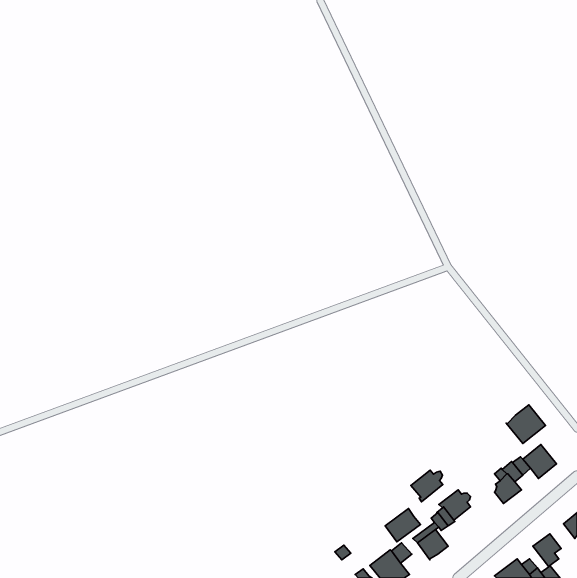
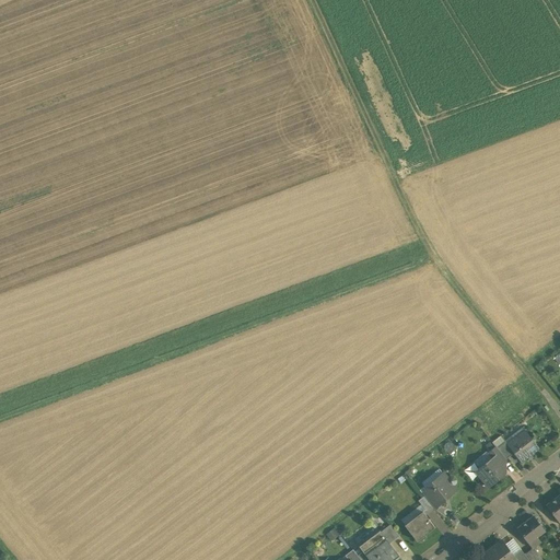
building: [506,405,546,444] -> none
building: [411,470,443,502] -> none
building: [385,508,420,542] -> none

